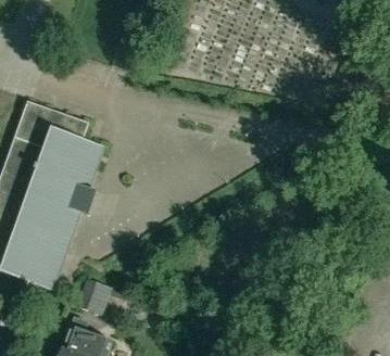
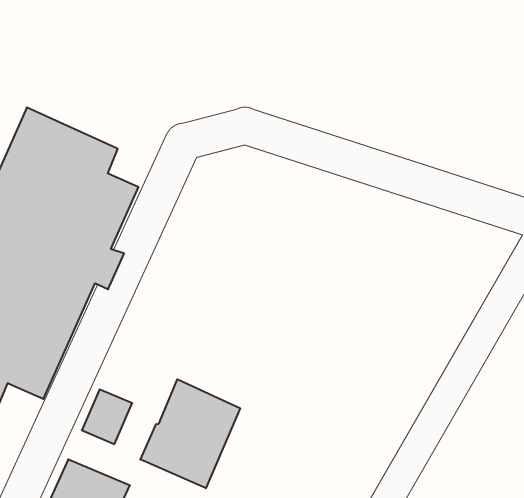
building: none -> [140,379,240,488]

